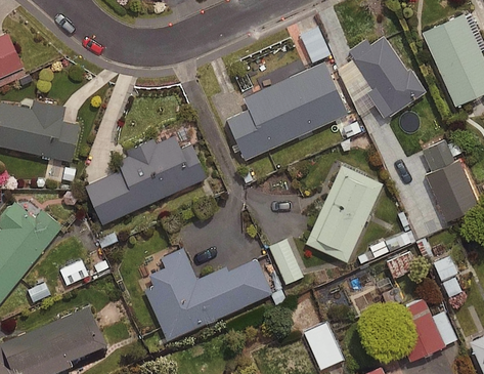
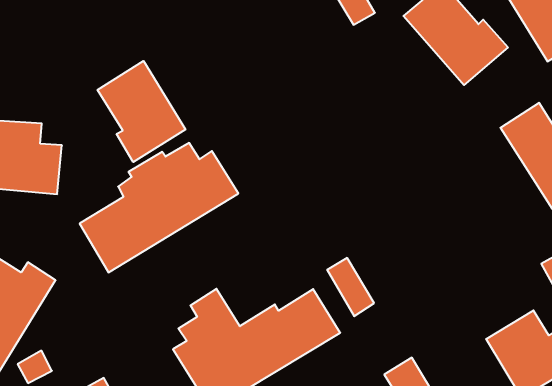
building: [226,63,348,161] -> none
building: none -> [98,61,185,162]
building: [305,166,383,263] -> none

